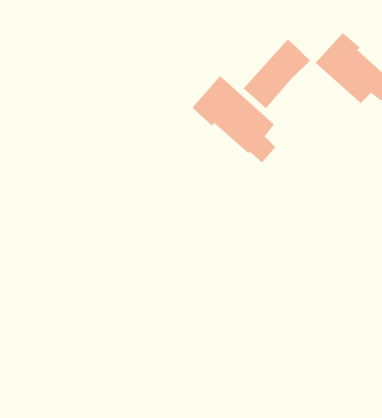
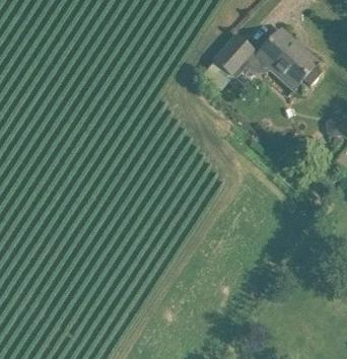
building: [192,75,276,164] -> none

